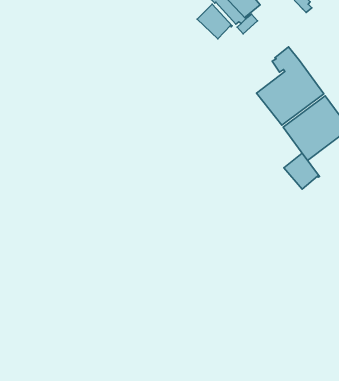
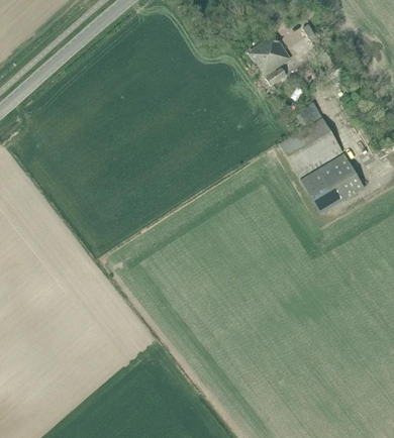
building: [197,4,232,39] -> none
building: [284,153,320,189] -> none

